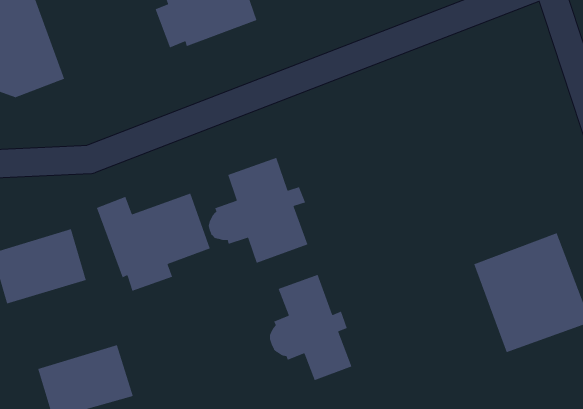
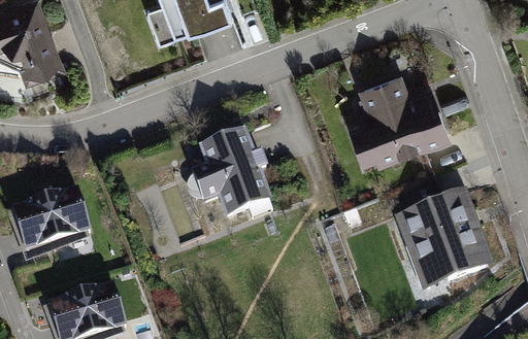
building: none -> [351,74,453,166]
building: [96,193,211,292] -> none
building: [269,274,352,381] -> none

